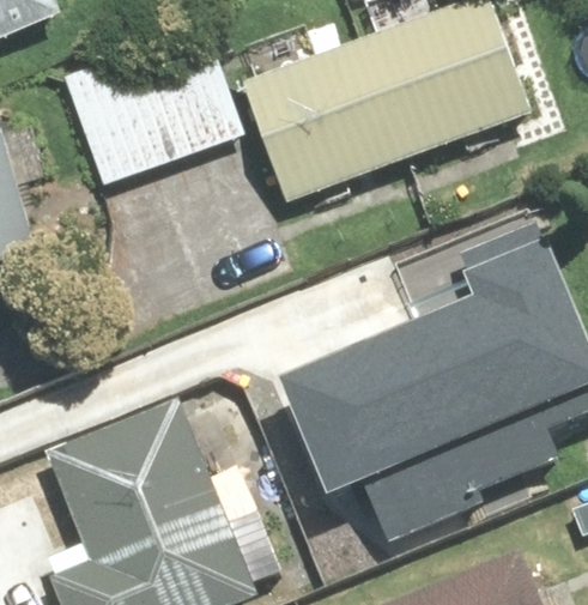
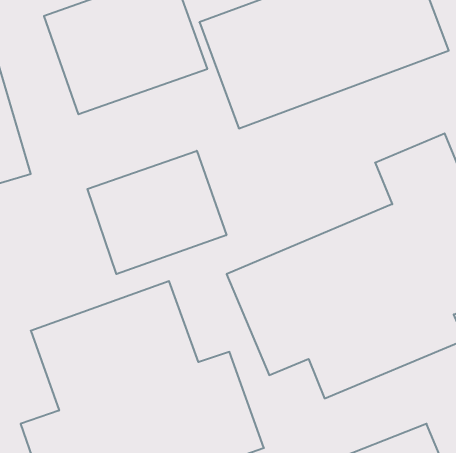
building: none -> [87,151,226,274]

